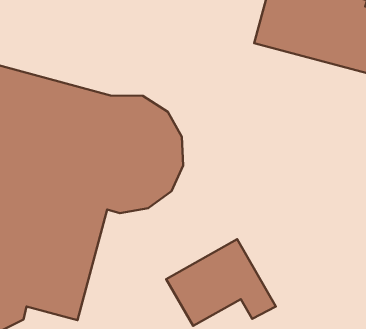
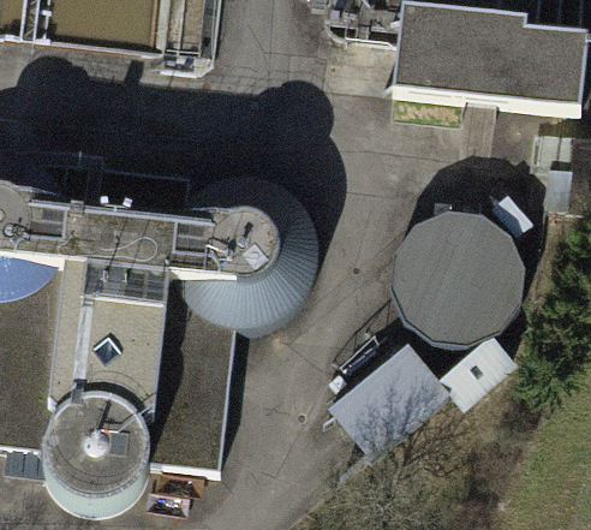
building: none -> [396,225,518,346]

